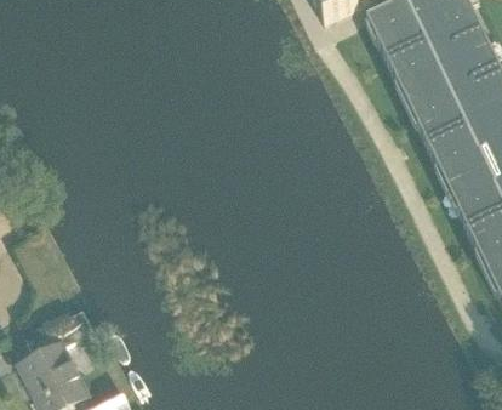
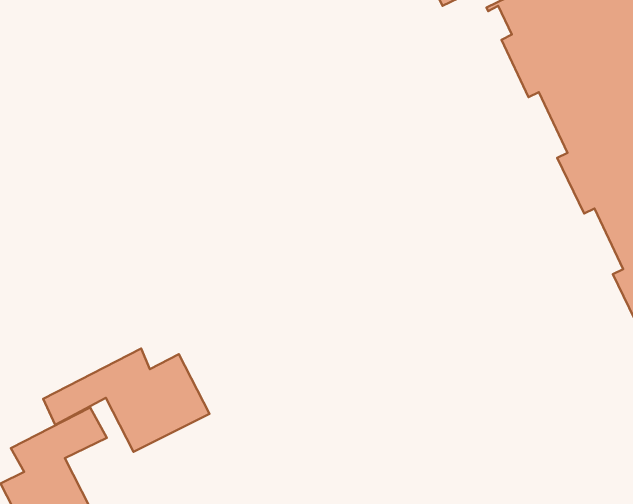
building: none -> [43,349,209,452]

